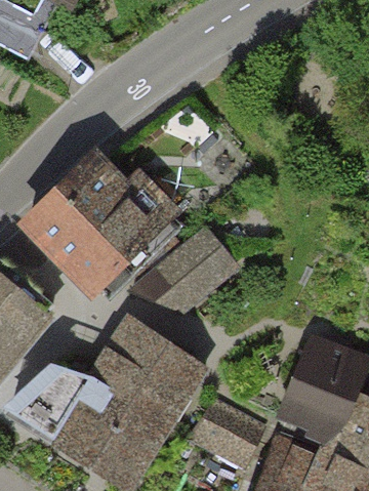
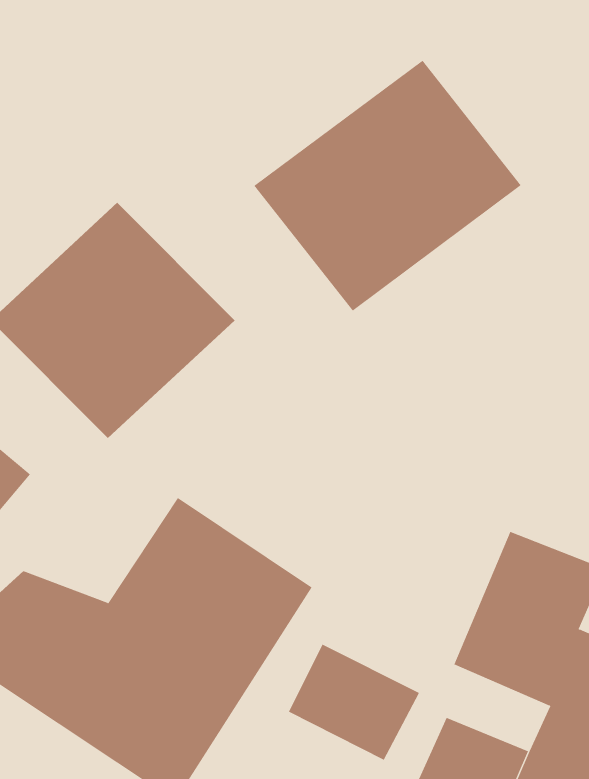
building: none -> [254,60,521,311]
building: [132,226,235,302] -> none

